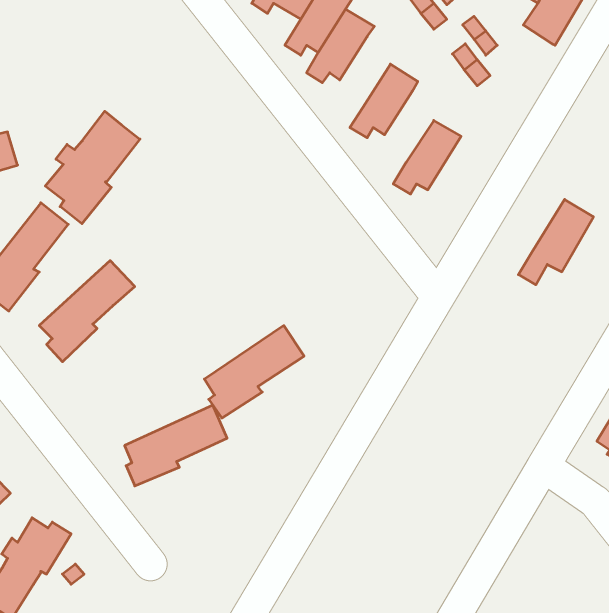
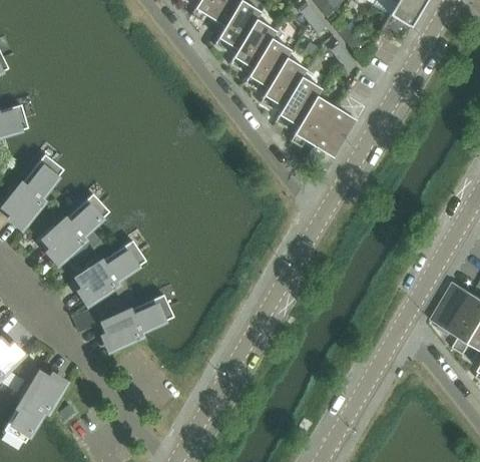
building: none -> [245,38,292,89]
building: none -> [275,76,322,127]
building: [45,111,140,224] -> none
building: [518,199,593,285] -> [305,107,357,166]
building: [204,326,304,418] -> [77,240,146,304]

